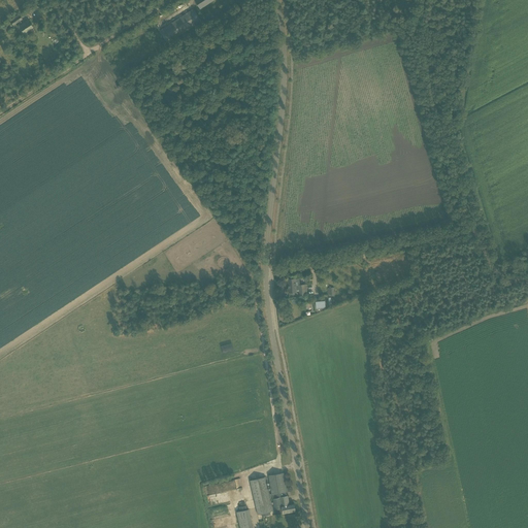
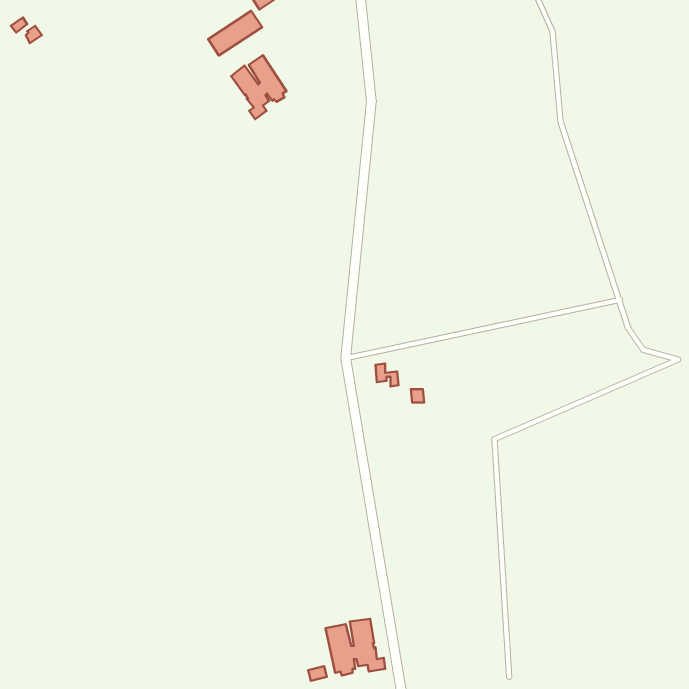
building: none -> [231,55,287,119]

